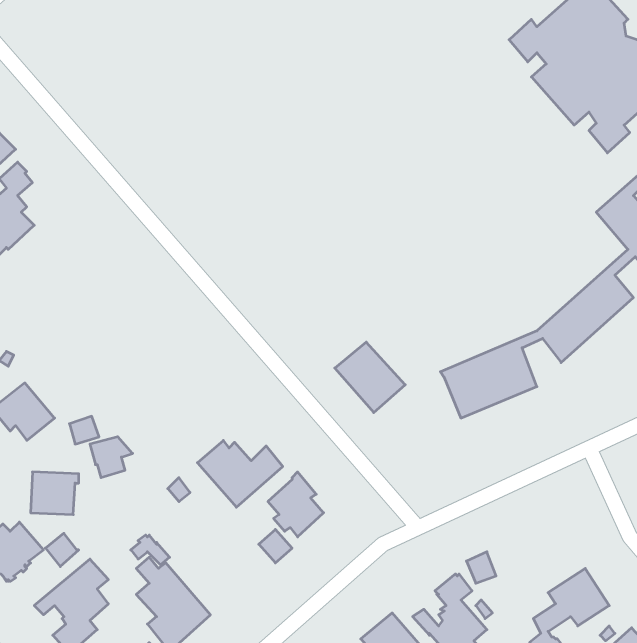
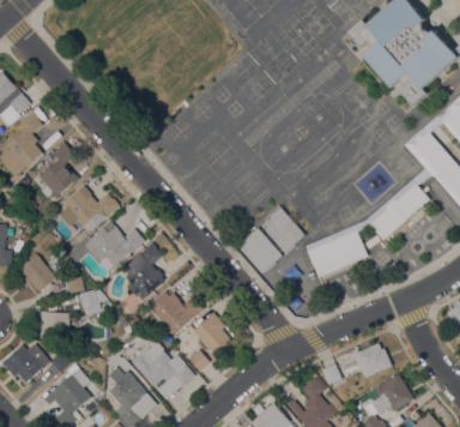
building: none -> [37,143,78,198]
building: none -> [60,185,120,233]
building: none -> [260,208,305,253]
building: none -> [66,224,145,271]
building: none -> [125,242,164,300]
building: none -> [132,342,195,391]
building: none -> [352,343,392,378]

